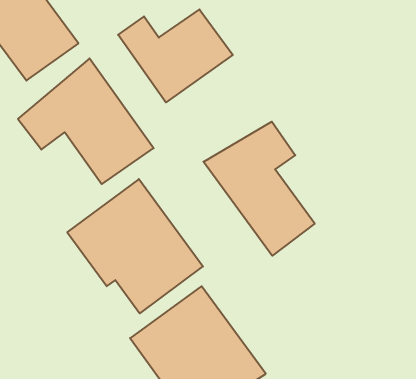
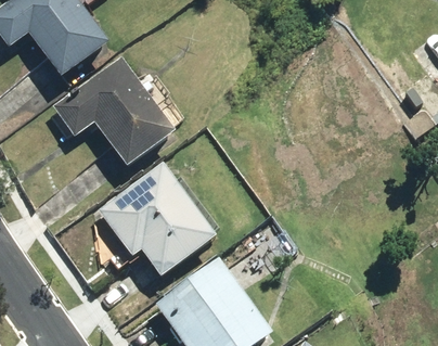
building: [118,9,233,102] -> none
building: [203,122,315,256] -> none

